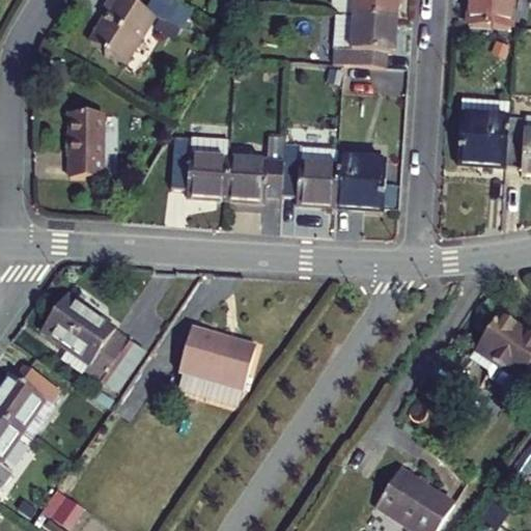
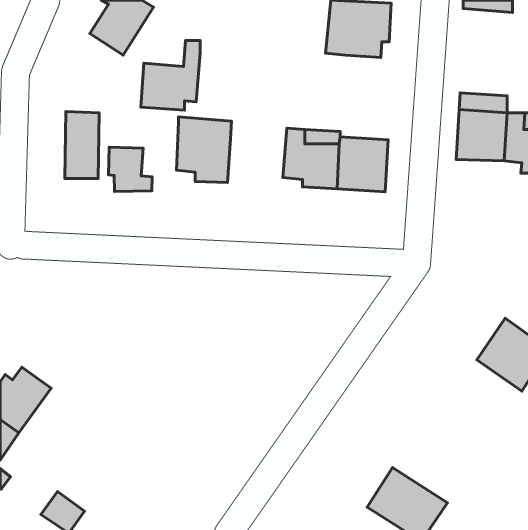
building: [231,118,290,188] -> [141,40,200,110]
building: none -> [109,147,152,191]
building: [45,294,129,382] -> none
building: [169,331,246,396] -> none

